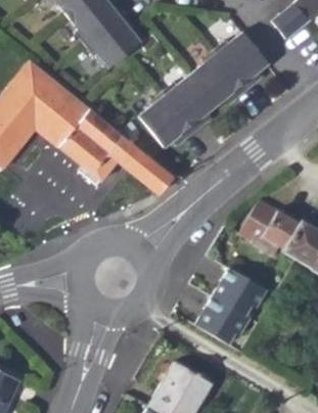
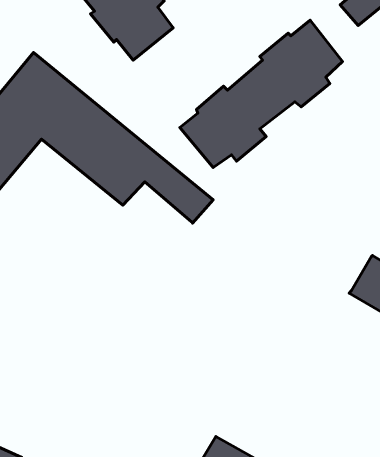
building: [238,199,297,254] -> none
building: [194,268,266,345] -> none

